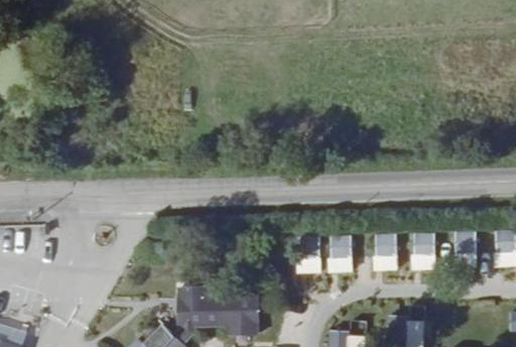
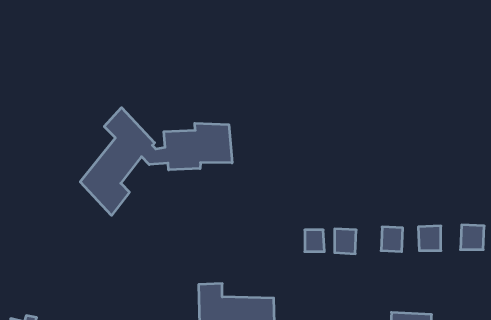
building: none -> [80,108,232,215]

